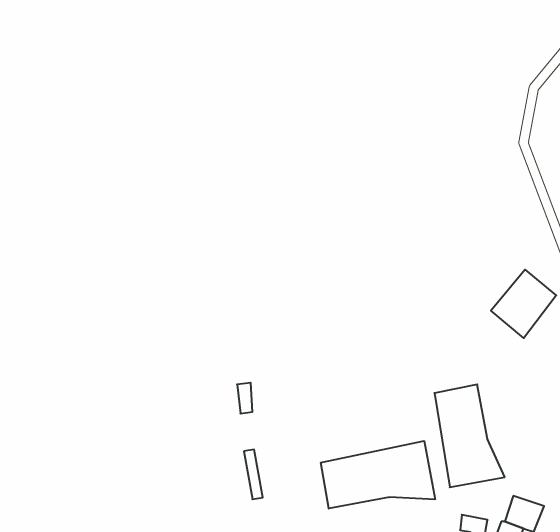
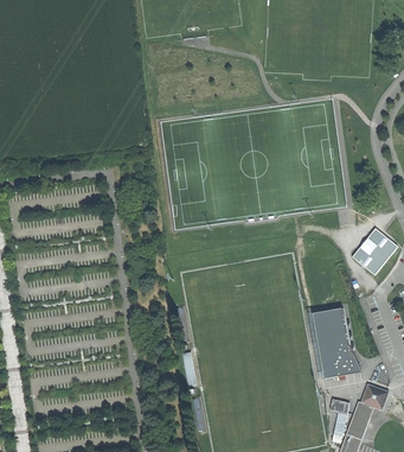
building: [321,441,435,509] -> none

